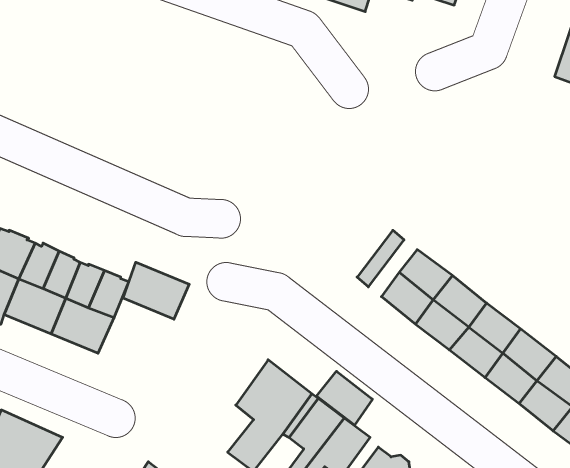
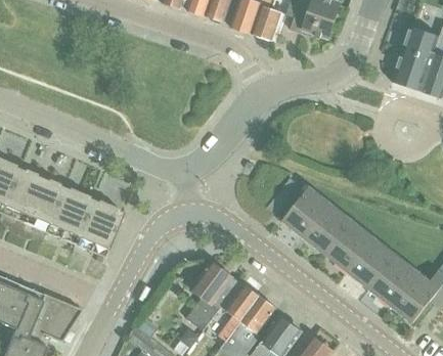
building: [123,262,189,319] -> none
building: [316,371,372,425] -> none

